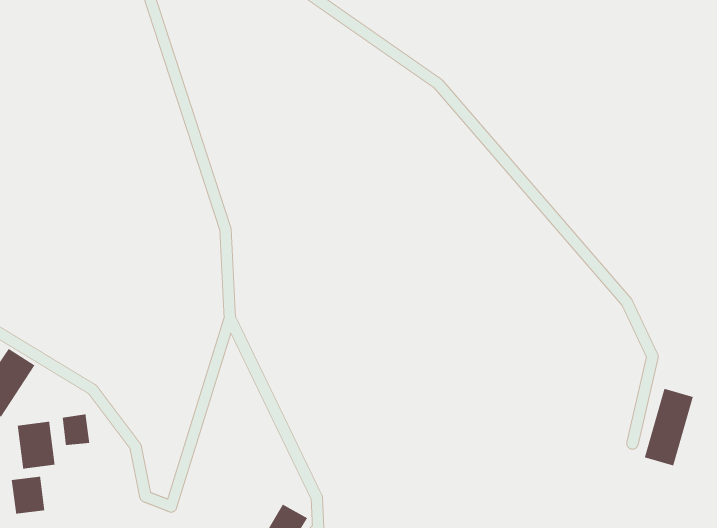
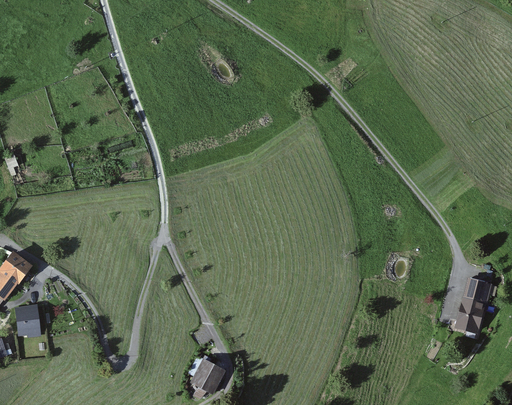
building: [62,413,90,446] -> none
building: [11,476,45,515] -> none

